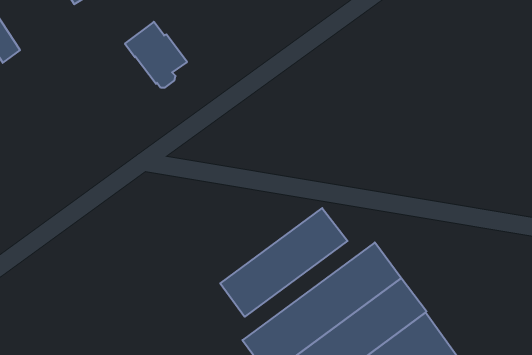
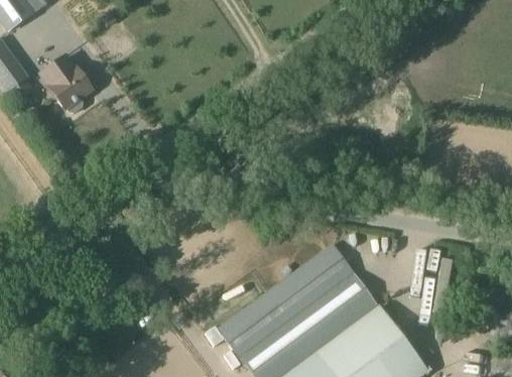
building: [125,22,187,87] -> [39,54,94,112]
building: [220,208,348,317] -> none

